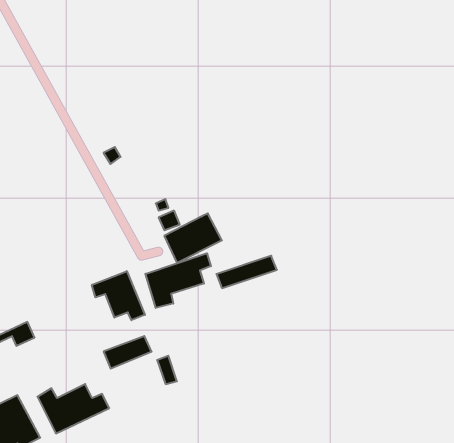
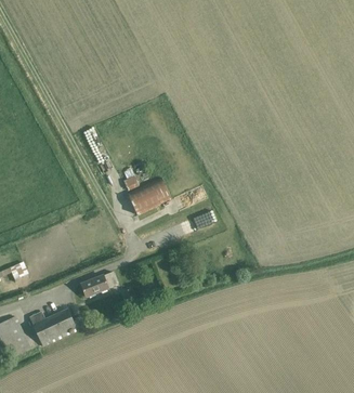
building: [145,253,211,308] -> none
building: [92,271,145,320] -> none

